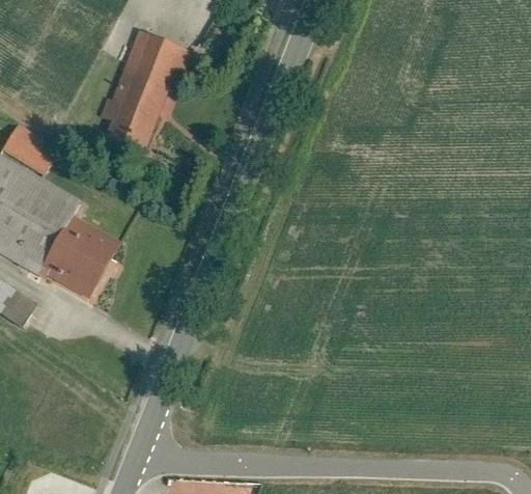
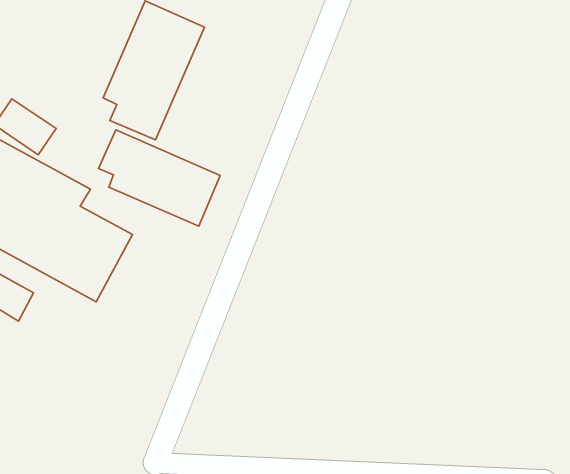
building: none -> [99,130,220,226]

